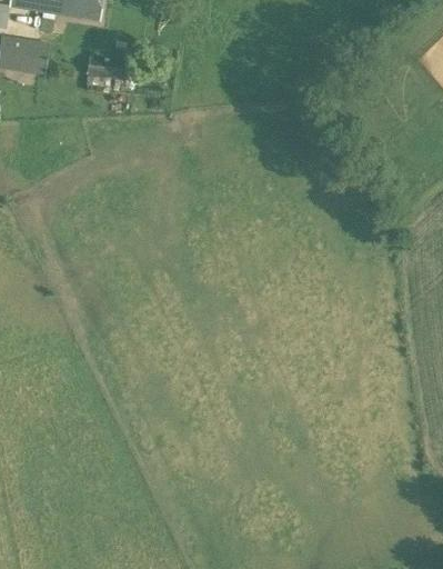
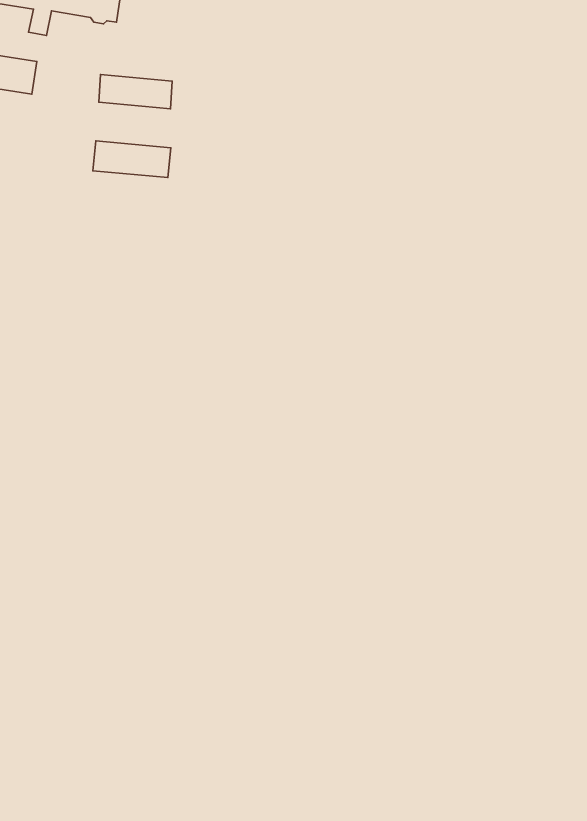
building: none -> [93,141,171,178]

